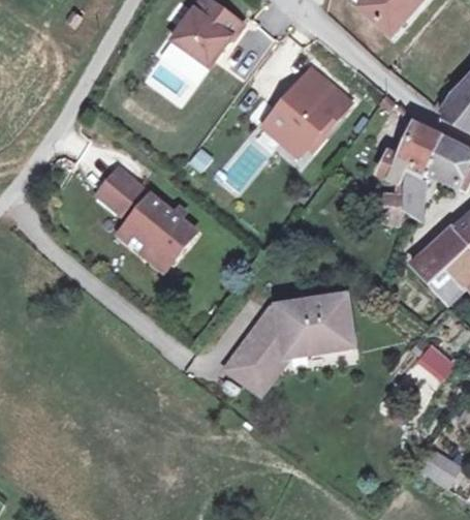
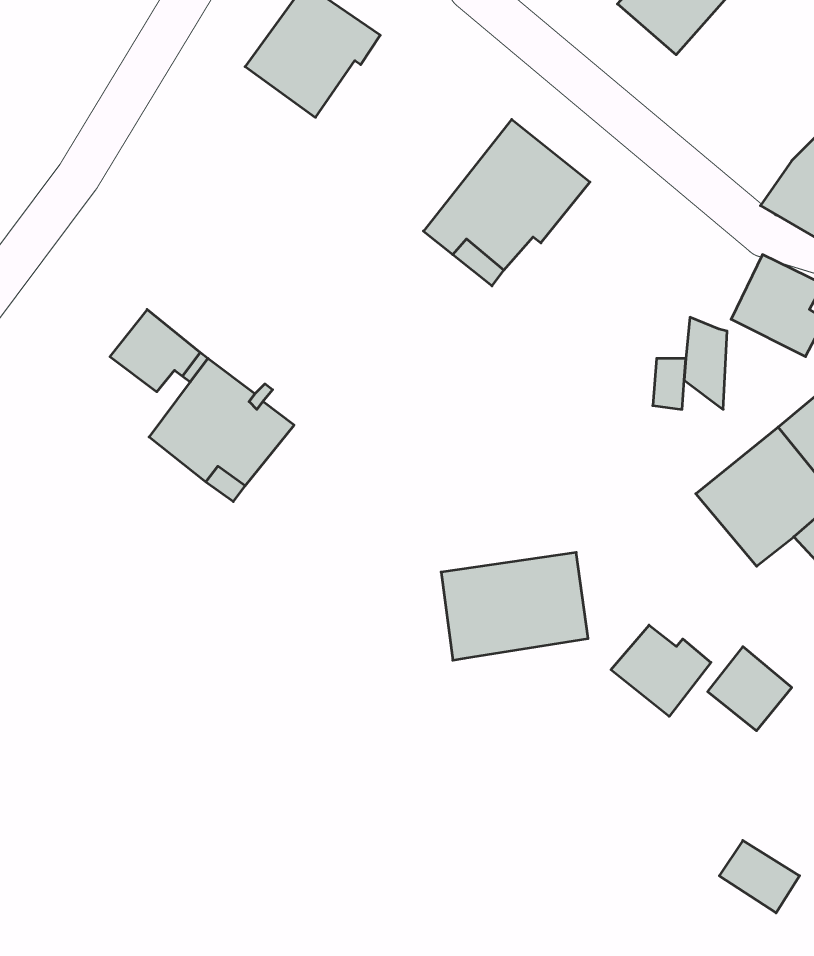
building: [377,123,441,183] -> none
building: [227,305,284,386] -> none
building: none -> [611,625,711,716]

